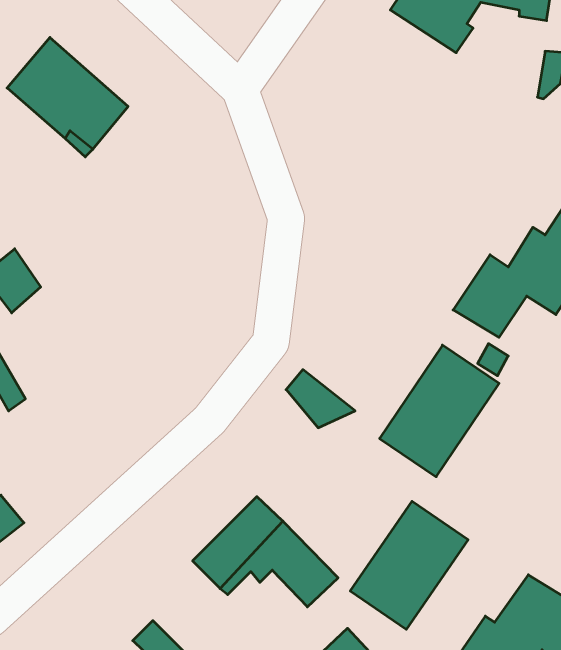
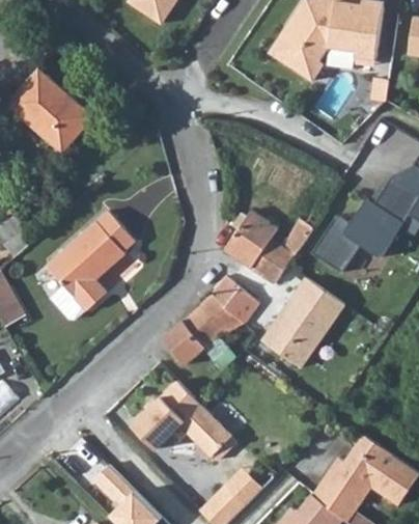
building: none -> [224,211,313,283]
building: none -> [48,212,135,316]
building: none -> [211,276,258,323]
building: none -> [163,308,221,364]
building: [350,501,468,629] -> none

